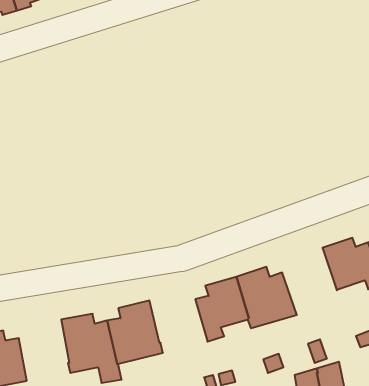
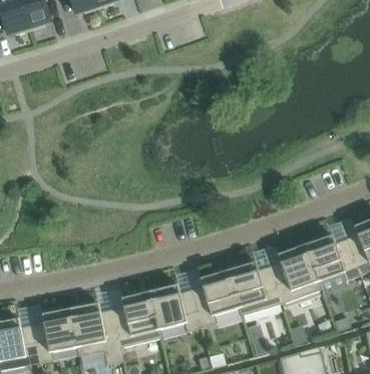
building: none -> [269,244,322,304]
building: none -> [149,284,202,332]
building: none -> [32,308,77,363]

